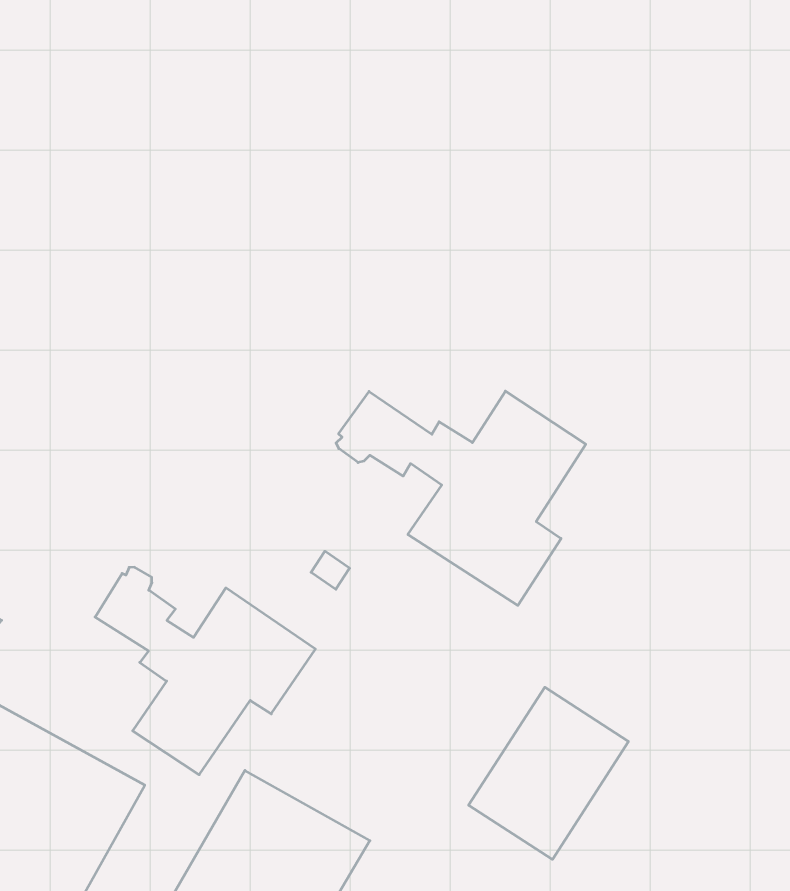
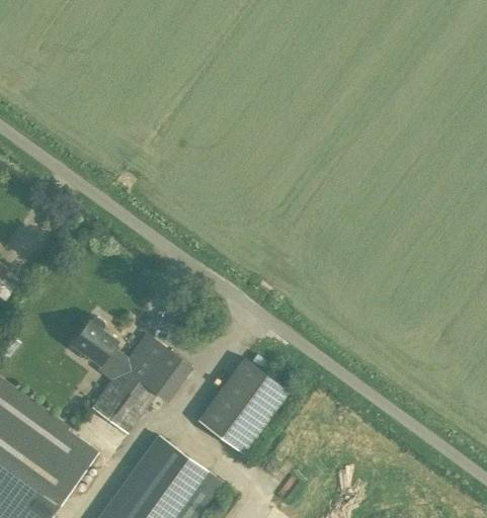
building: [336,391,586,605] -> none
building: [469,687,628,859] -> [198,359,289,454]

